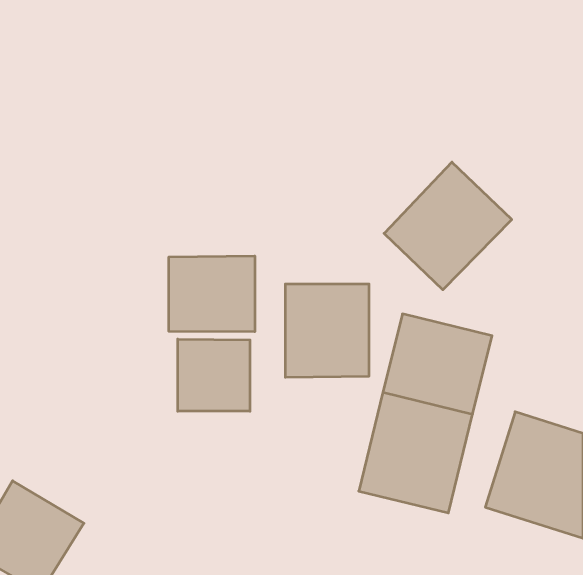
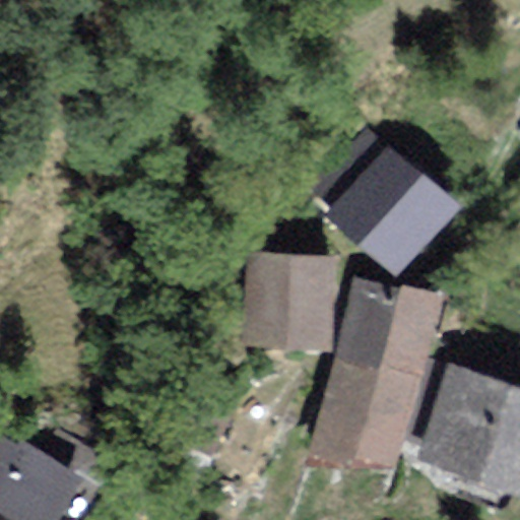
building: [169,256,255,332] -> none
building: [178,339,250,411] -> none

